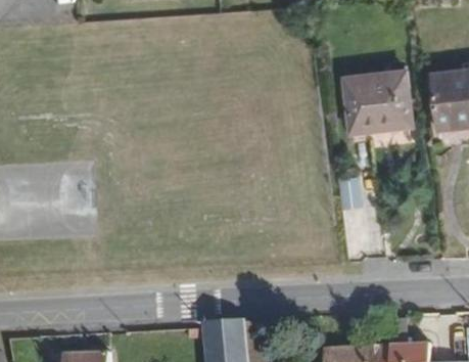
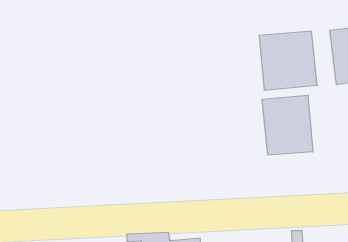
building: none -> [262,95,313,155]

